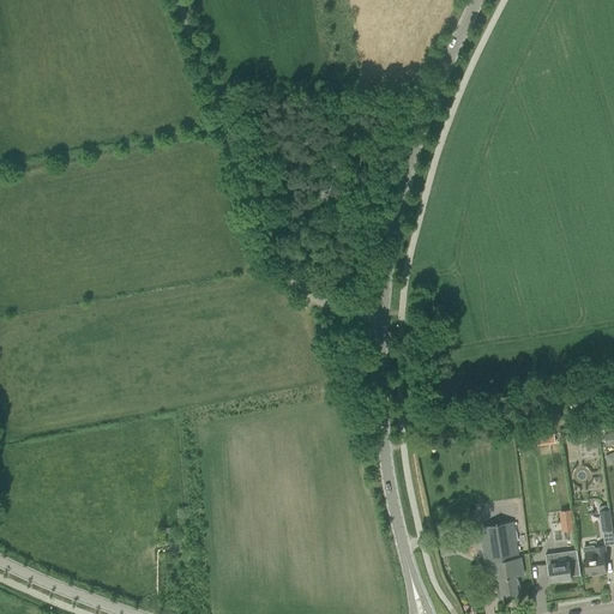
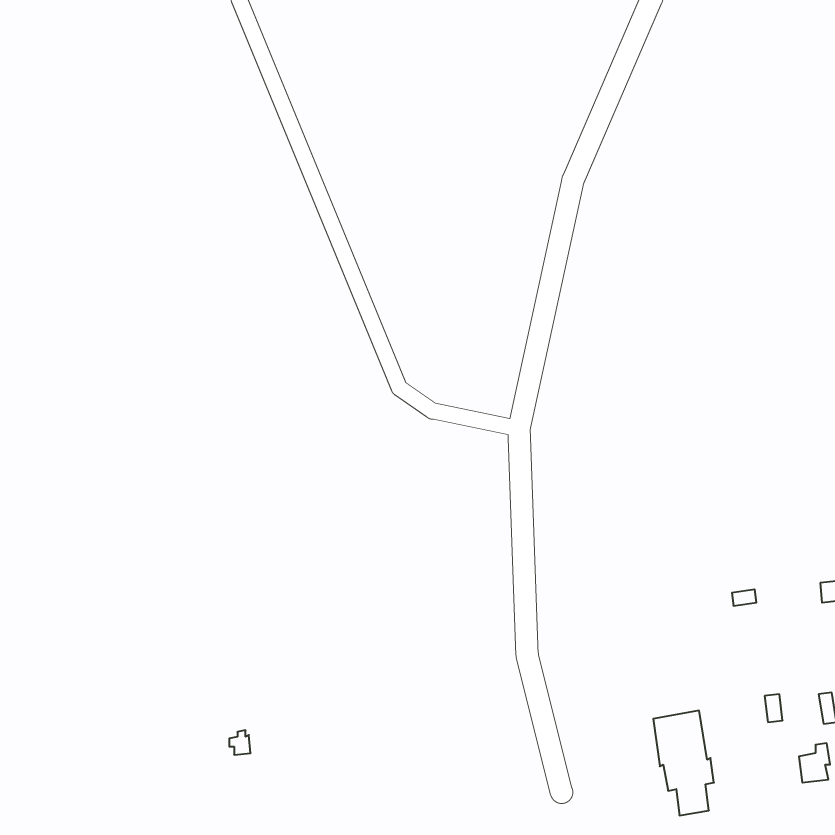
building: [546,548,582,580] -> none

